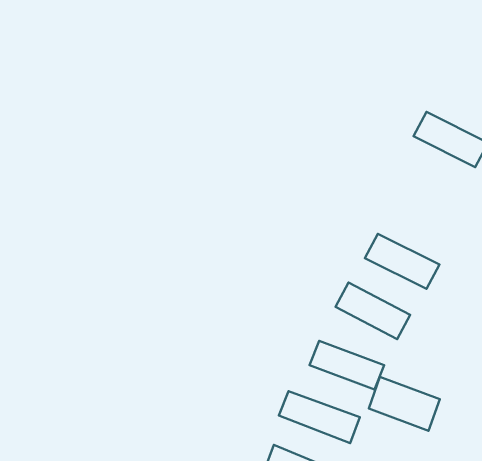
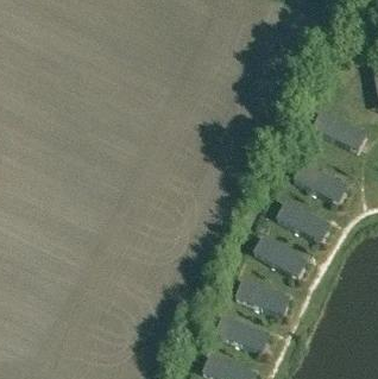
building: none -> [292,162,348,203]
building: [369,377,440,431] -> none

